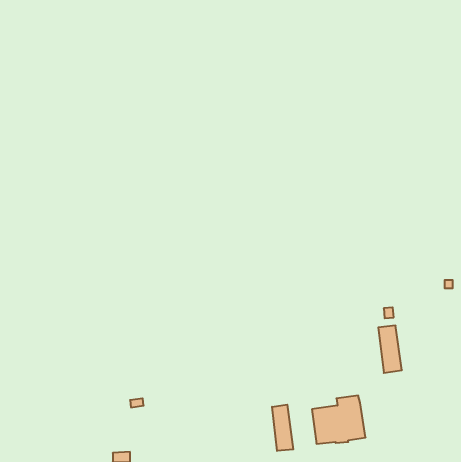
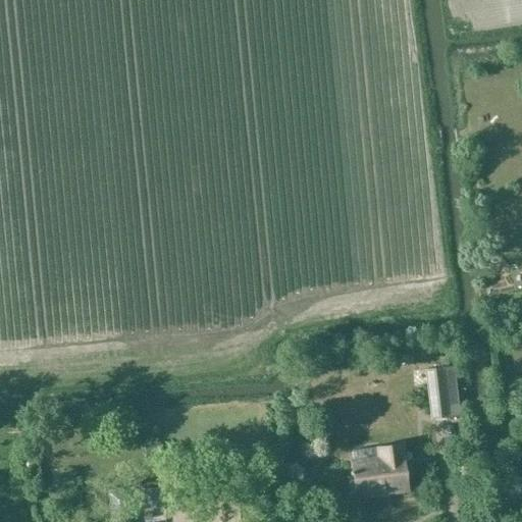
building: [272,405,293,451] -> none

